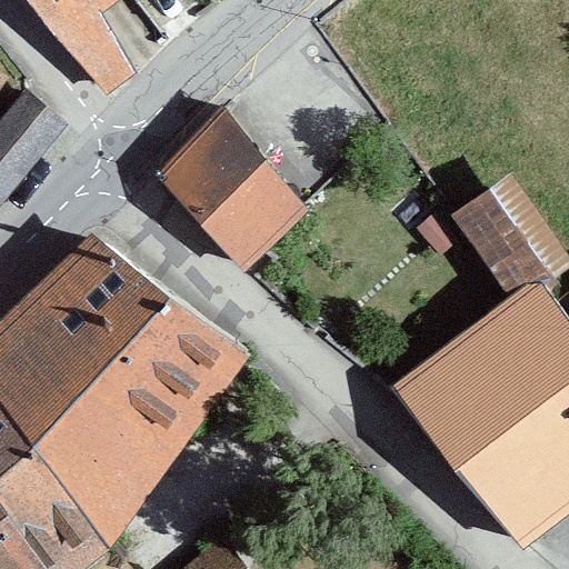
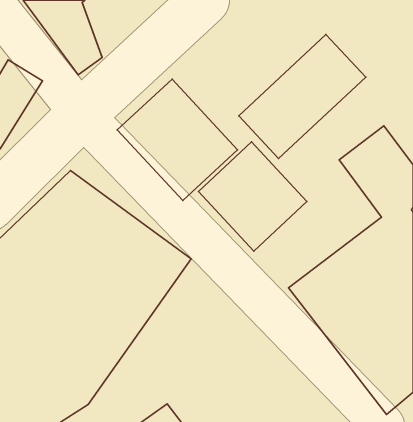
building: none -> [239,35,366,158]
building: none -> [199,142,307,251]

